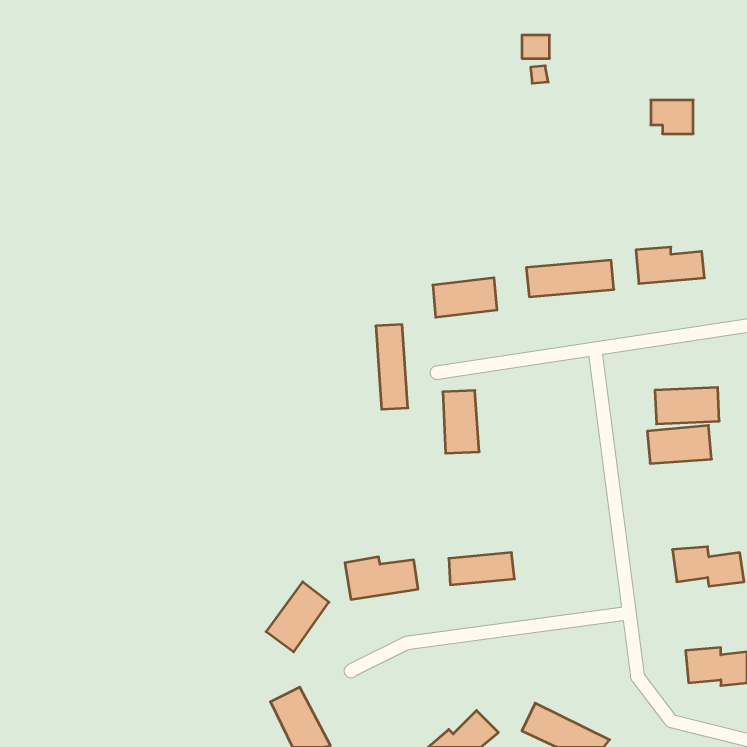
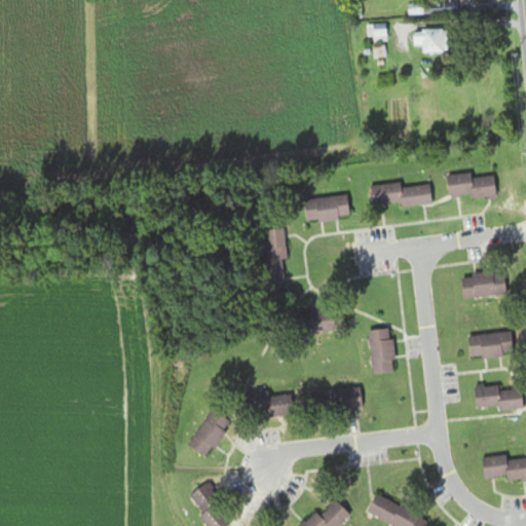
building: [651,100,693,134] -> [413,29,443,52]
building: [443,390,479,453] -> [369,329,394,373]
building: [647,425,712,463] -> [467,332,513,359]

